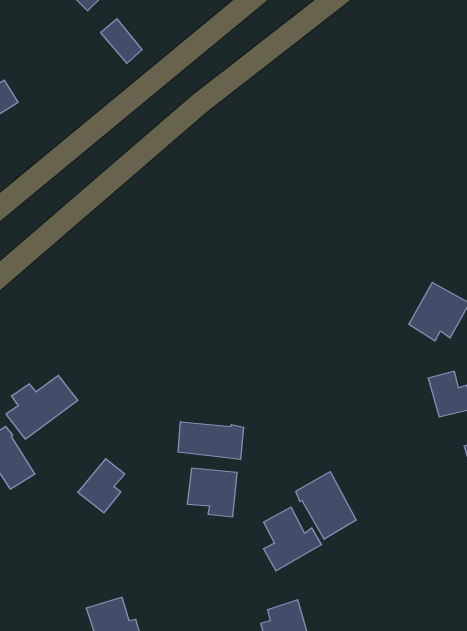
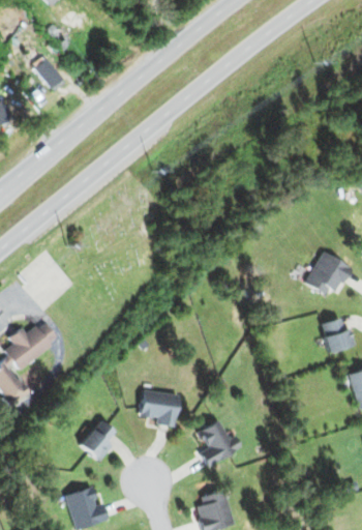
building: [101,19,142,63] -> [33,55,64,88]
building: [178,422,243,460] -> none
building: [78,459,125,513] -> [80,420,115,461]
building: [296,472,356,539] -> none

